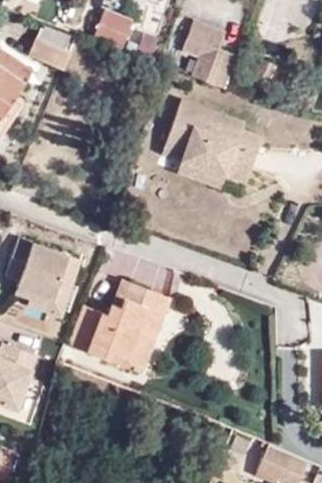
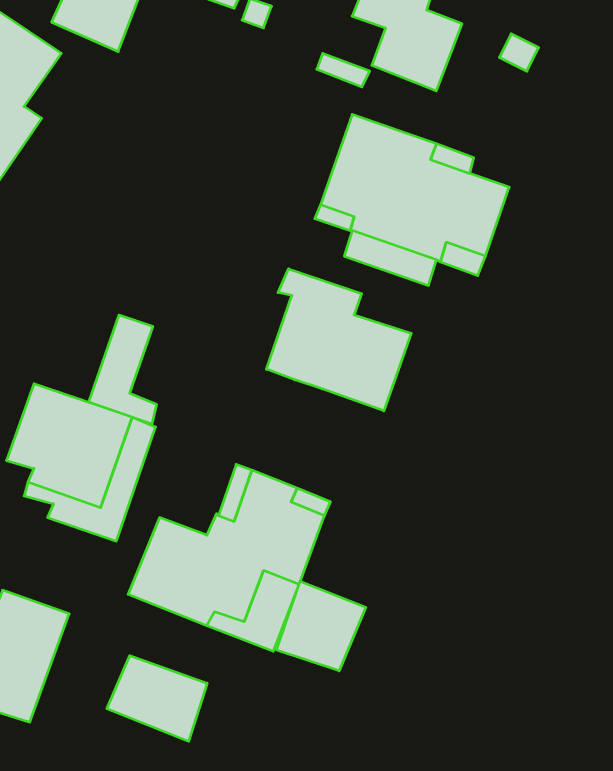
building: none -> [266,269,411,411]
building: none -> [89,315,156,424]
building: none -> [277,581,366,671]
building: none -> [107,656,207,741]

